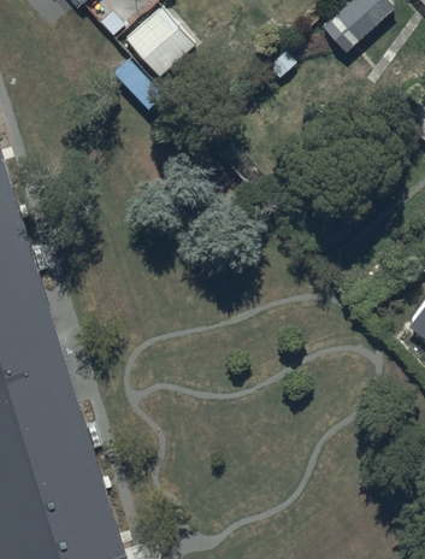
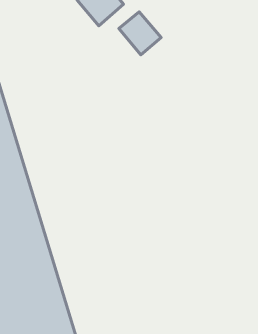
building: none -> [119,12,161,55]

